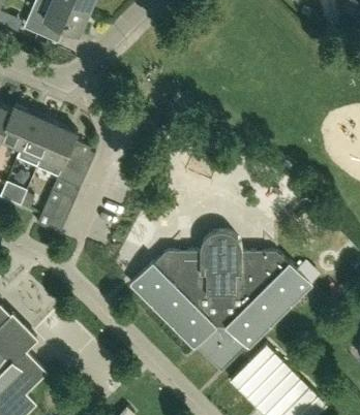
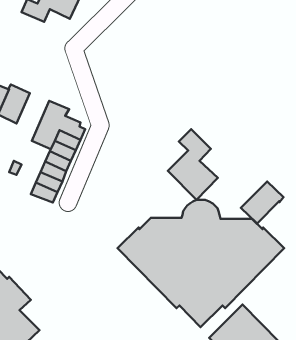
building: [21,115,56,166] -> none
building: none -> [168,129,218,200]
building: none -> [241,181,283,224]

